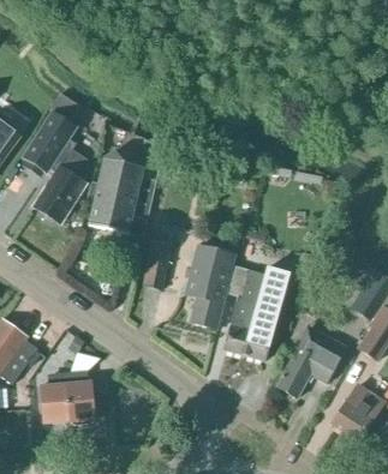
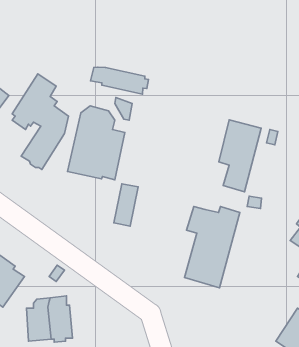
building: none -> [90,67,149,94]
building: [185,245,234,329] -> [219,120,261,192]
building: [276,326,345,397] -> none

